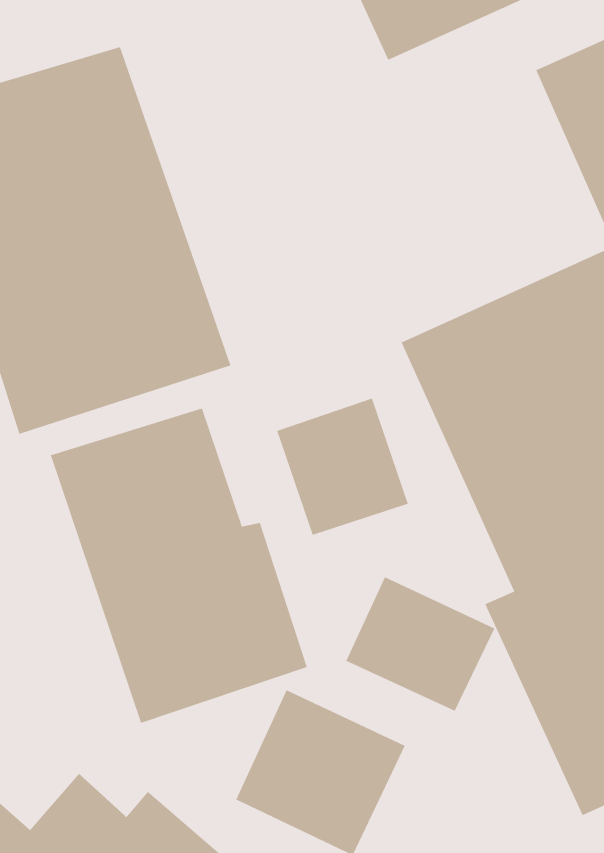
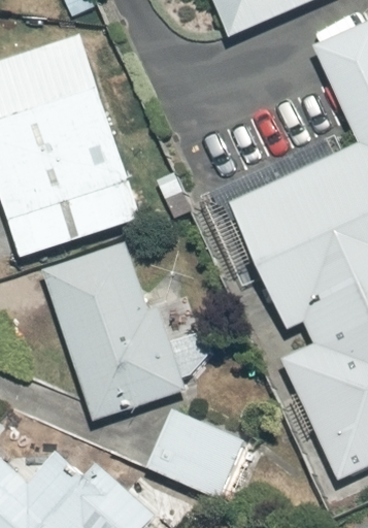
building: [276,397,409,536] -> none
building: [345,576,495,712] -> none

